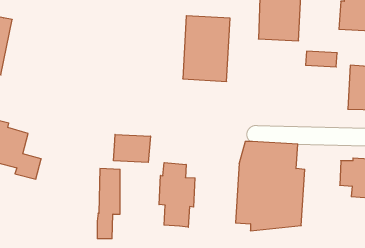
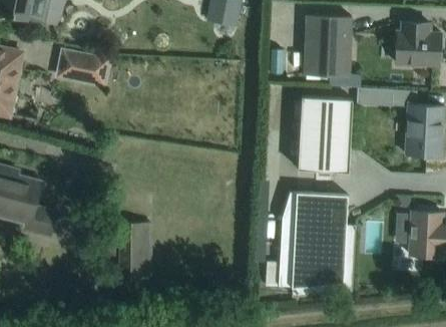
building: [183,16,230,81] -> [298,96,352,172]
building: none -> [58,51,109,85]
building: [114,134,150,162] -> none
building: [159,163,195,227] -> none

